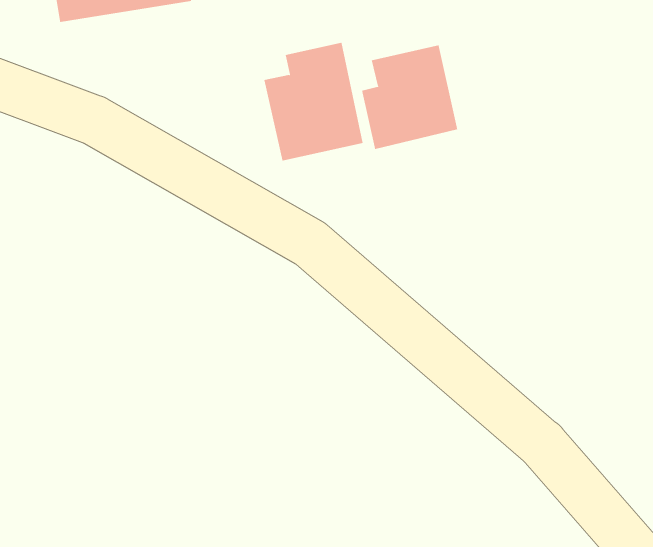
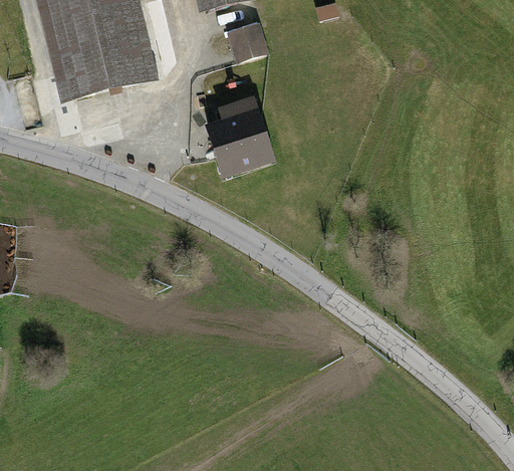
building: [361,45,458,150] -> none

